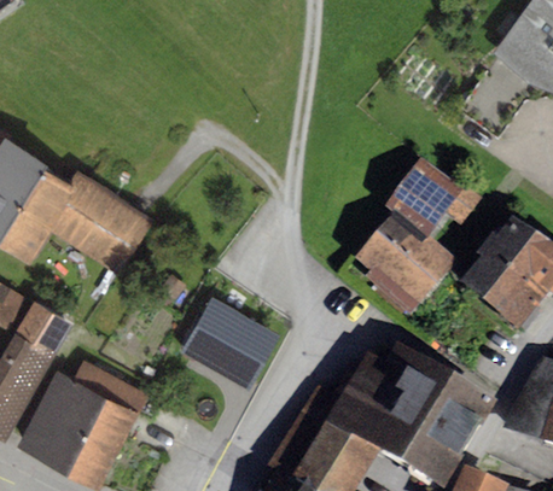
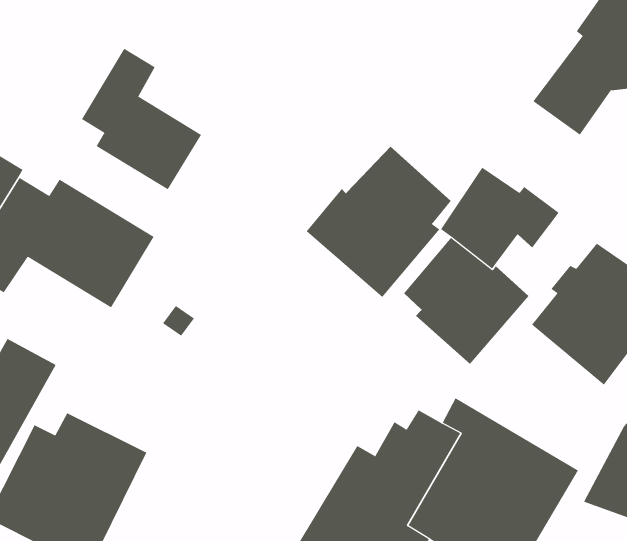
building: none -> [81,48,202,190]
building: none -> [306,146,452,298]
building: [180,292,281,386] -> none

